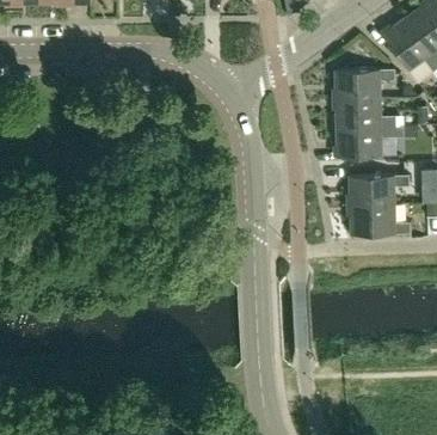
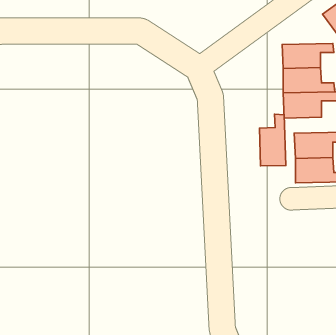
building: none -> [260,114,286,166]

